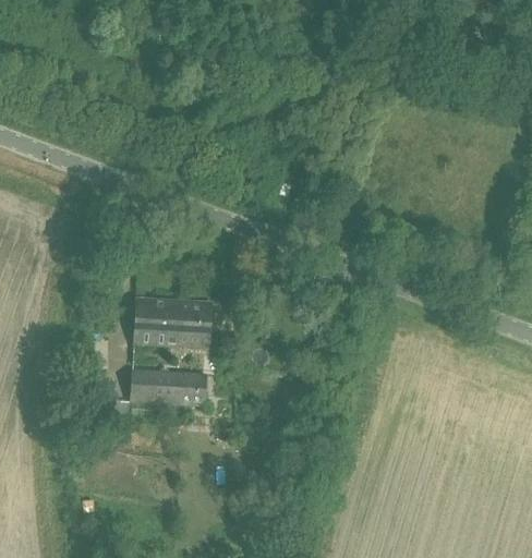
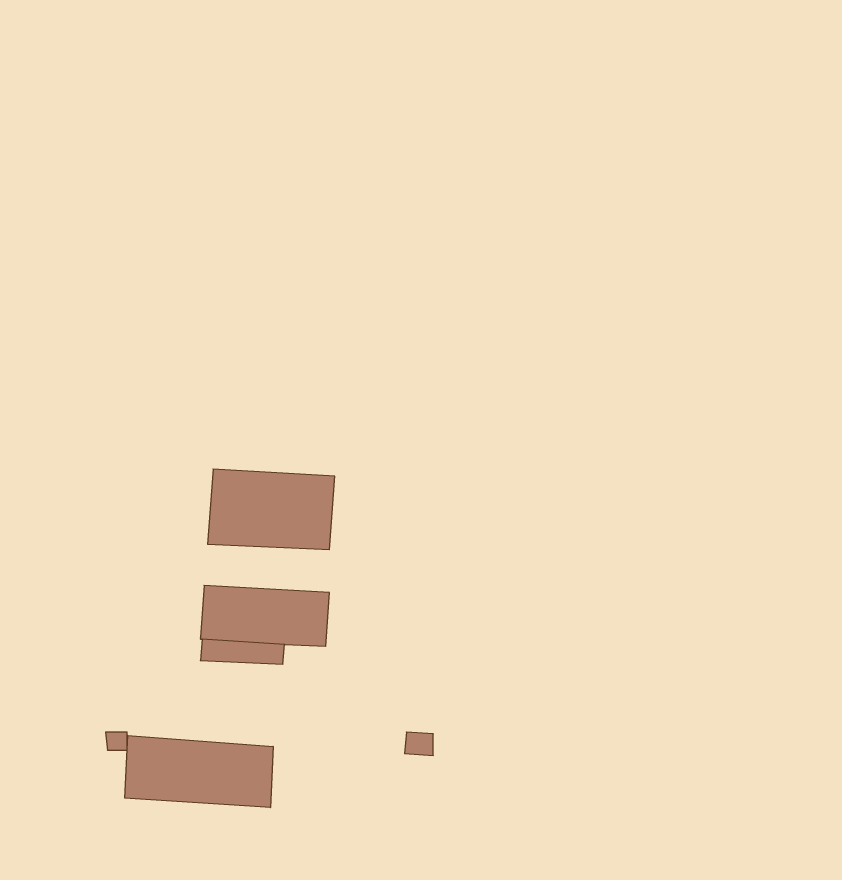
building: none -> [125,735,273,808]

